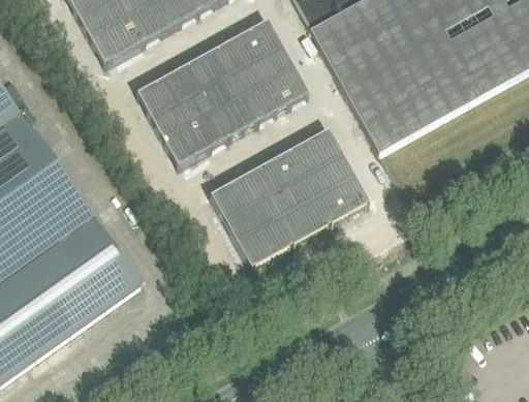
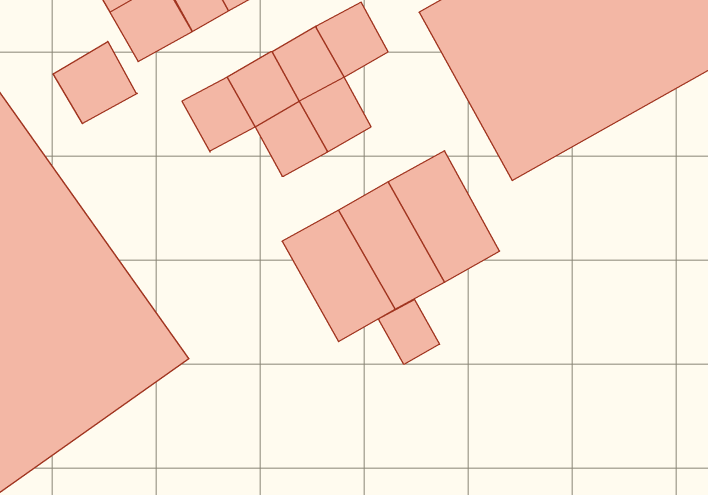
building: none -> [53,41,137,124]
building: [254,56,307,111] -> none
building: [156,111,210,165] -> none
building: none -> [378,300,440,364]

